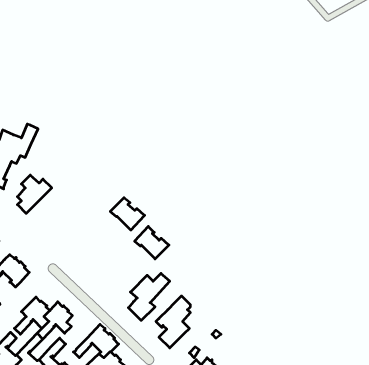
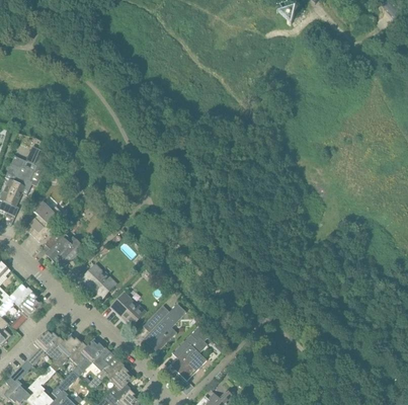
building: [110,198,145,230] -> [80,265,115,299]
building: none -> [44,226,82,267]
building: [135,226,169,259] -> [109,293,145,326]
building: none -> [72,339,113,377]

